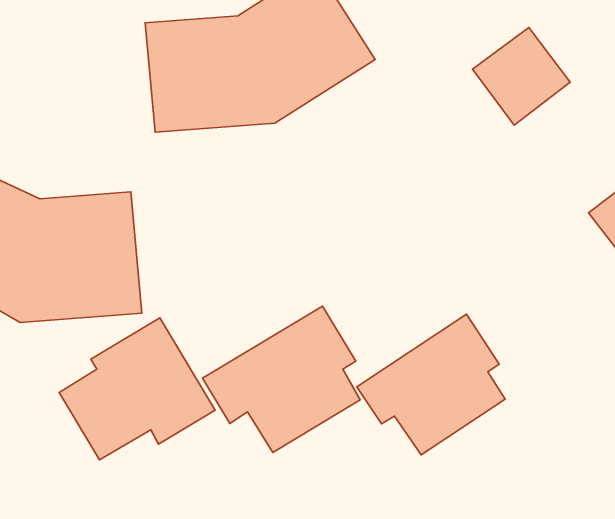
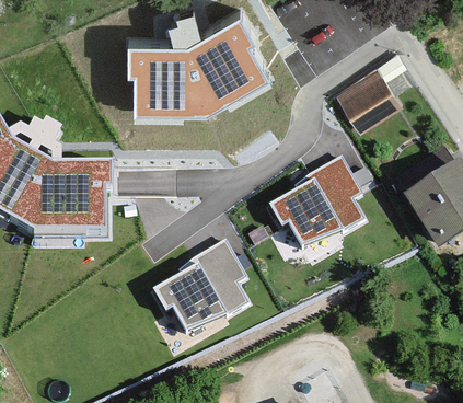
building: [357,314,505,455] -> [266,159,361,247]
building: [59,318,215,460] -> none

